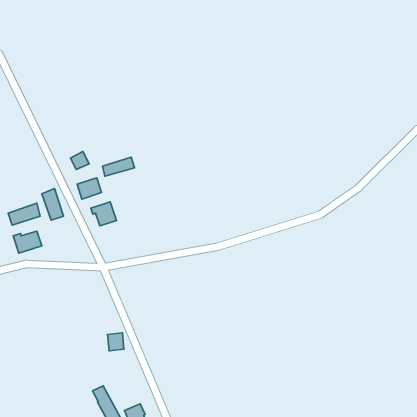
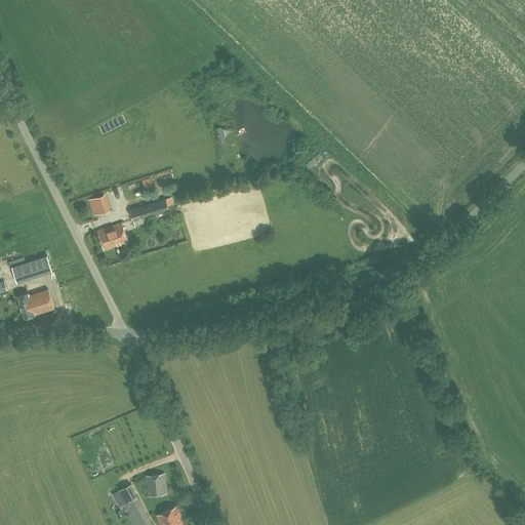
building: [42,188,63,220] -> none
building: [91,202,116,226] -> none
building: [108,333,124,351] -> [145,475,165,497]

